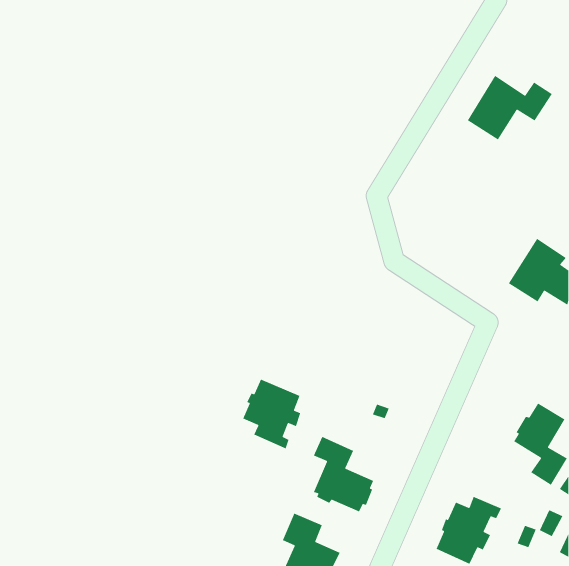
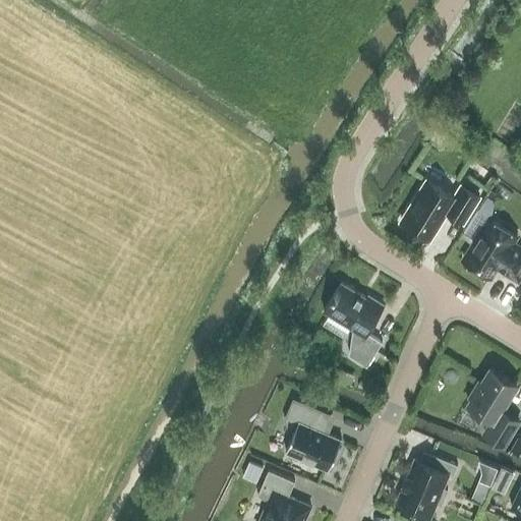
building: [467,75,553,140] -> [402,181,480,241]
building: none -> [325,284,385,367]
building: [242,378,301,450] -> none

